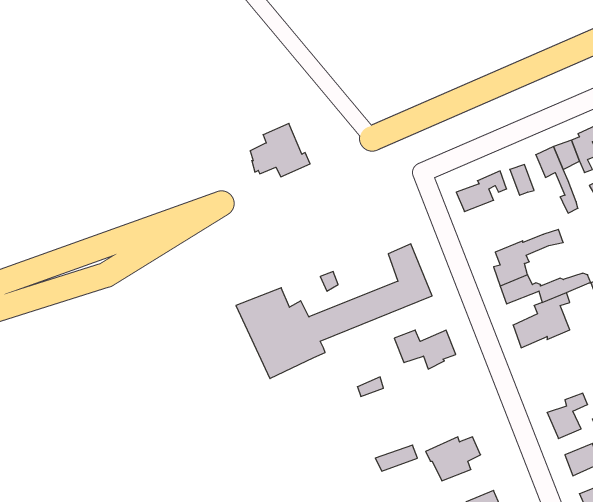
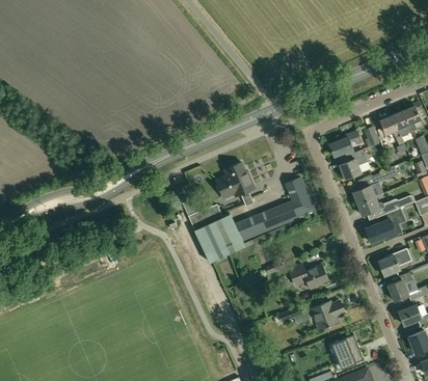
building: [250,123,310,177] -> [216,163,255,197]
building: none -> [340,149,368,180]
building: [394,330,456,369] -> [289,265,328,290]
building: none -> [378,248,411,276]

